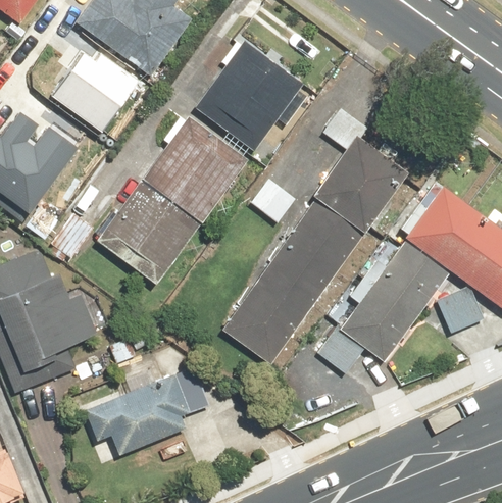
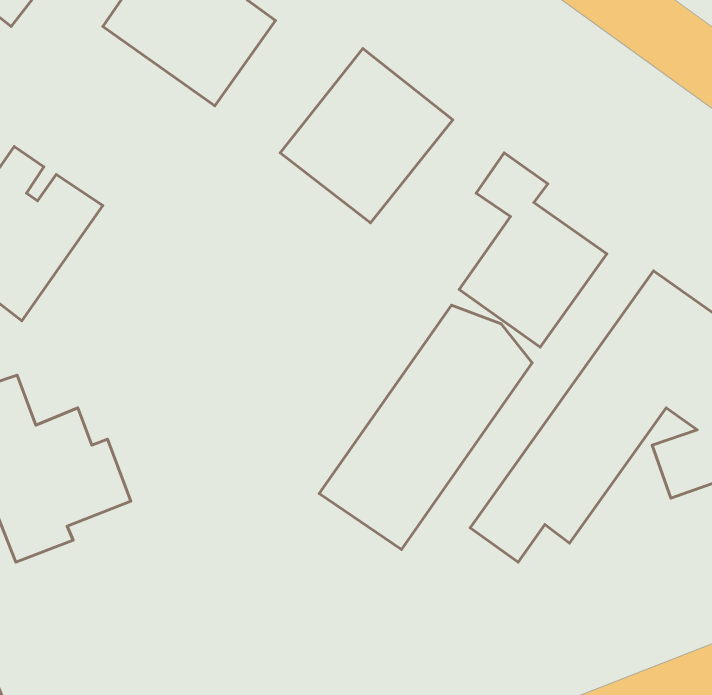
building: [52,45,140,134] -> none
building: [96,111,249,285] -> none
building: [85,365,211,457] -> none

